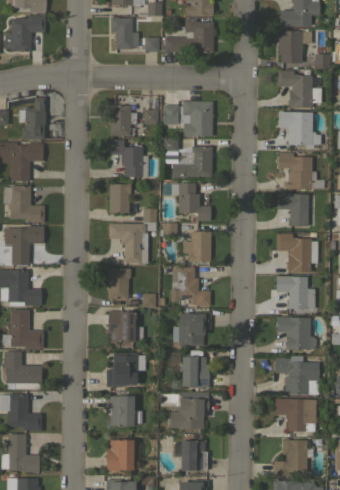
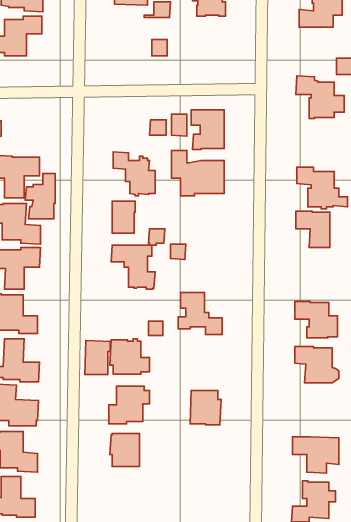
building: [111,17,140,49] -> none
building: [165,19,214,53] -> none
building: [279,31,312,63] -> none
building: [19,98,46,139] -> [25,174,55,219]
building: [111,106,138,136] -> none
building: [279,111,322,149] -> none
building: [172,183,211,221] -> none
building: [183,231,212,262] -> none
building: [277,234,315,273] -> none
building: [108,268,131,299] -> [85,340,110,375]
building: [179,312,211,346] -> none
building: [276,358,318,395] -> none
building: [171,392,209,429] -> none
building: [107,440,135,471] -> none
building: [175,441,208,471] -> none

